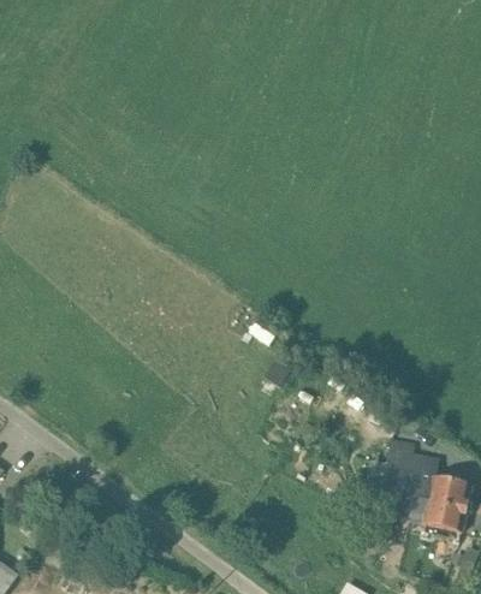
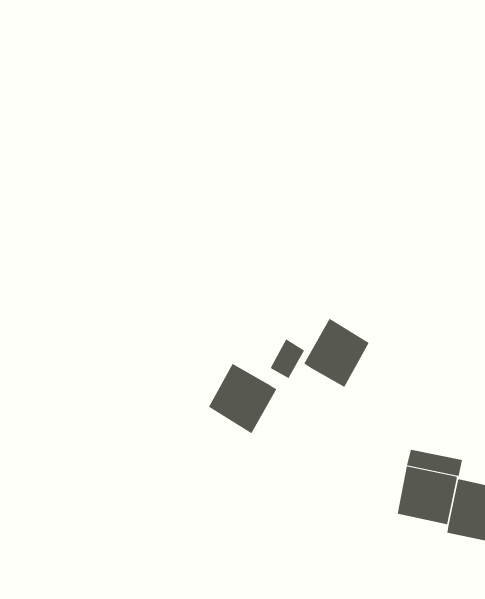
building: none -> [304,318,369,388]
building: none -> [208,363,277,434]

